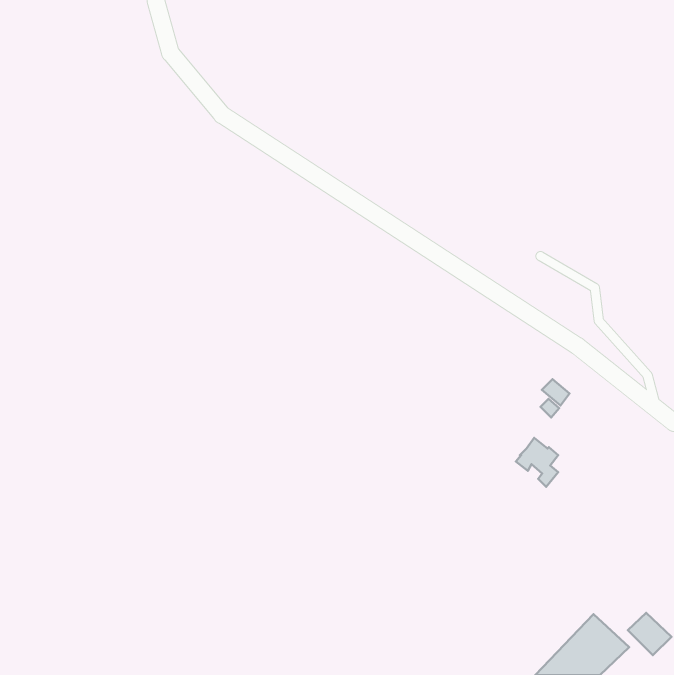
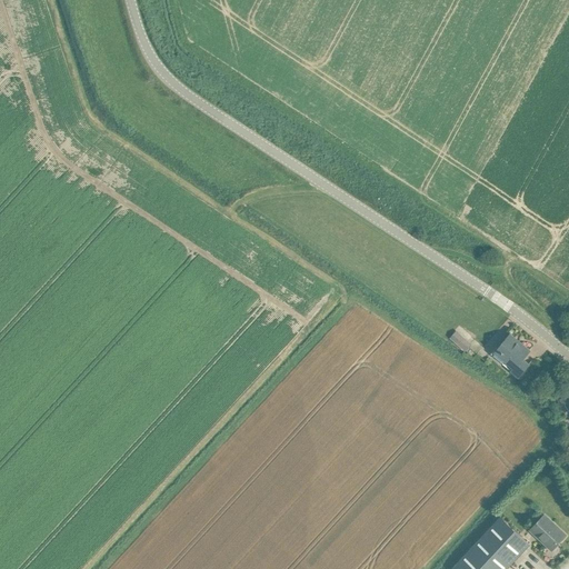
building: [516,438,558,487] -> [492,336,528,377]

